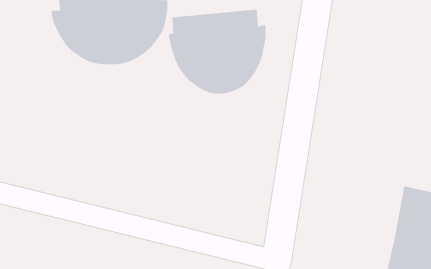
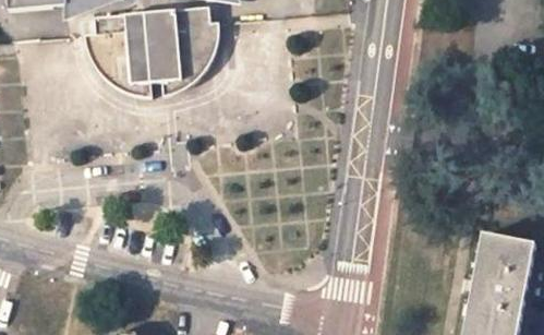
building: [168,9,266,95] -> none

